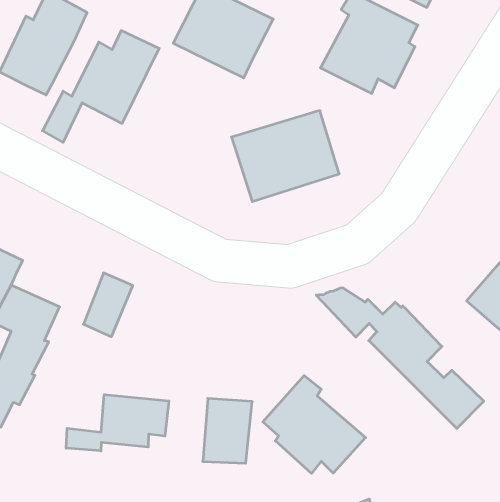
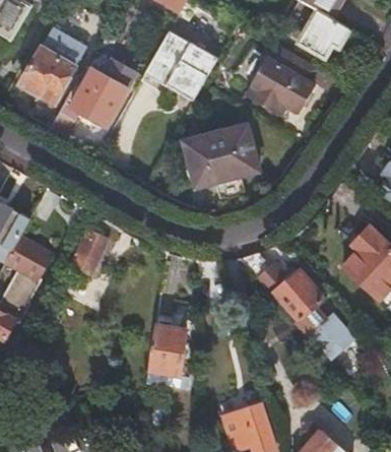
building: [263,376,366,473] -> none
building: [66,395,169,451] -> none

